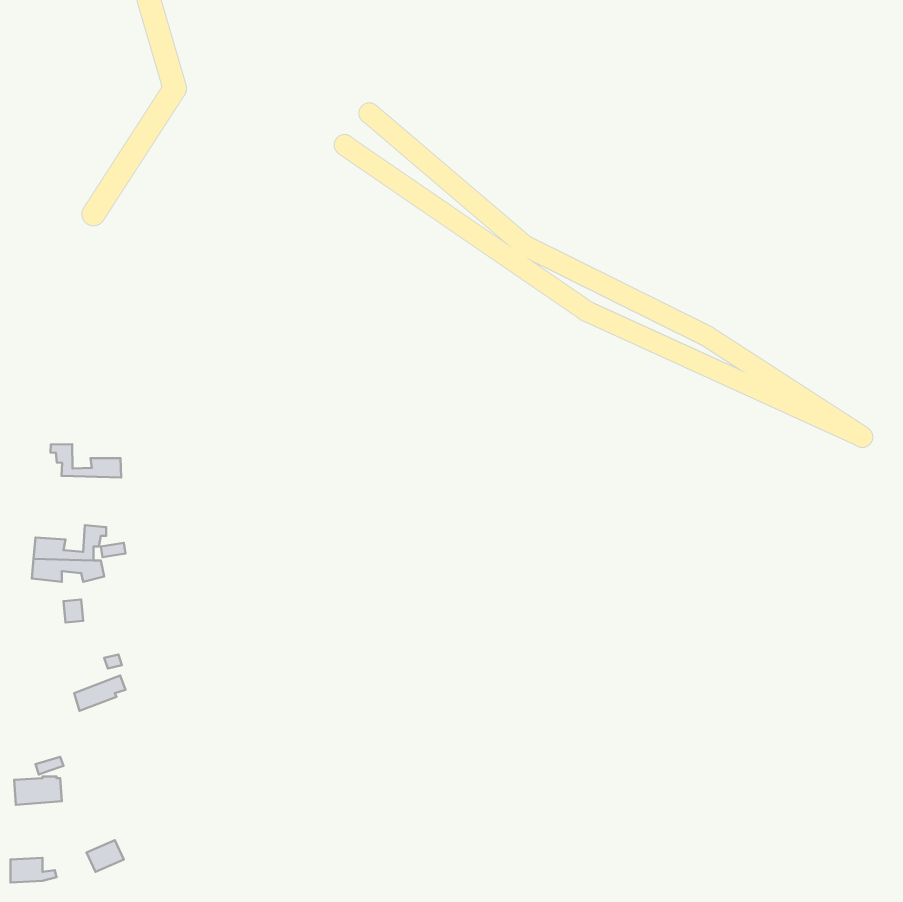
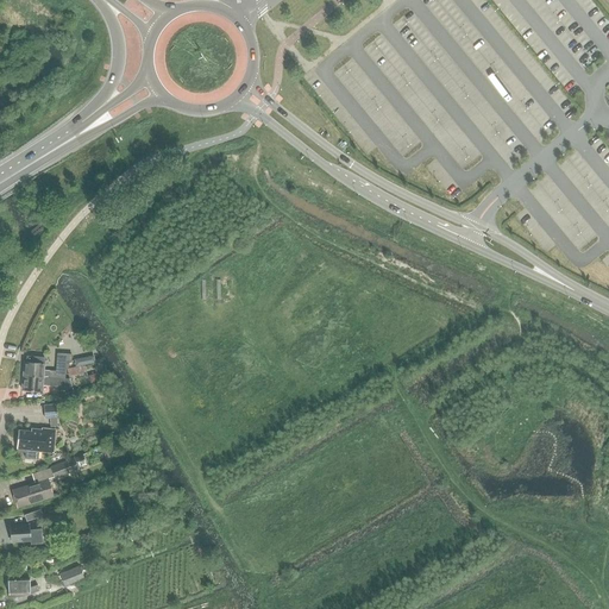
building: [50,444,121,478] -> none
building: none -> [15,428,55,458]
building: none -> [11,479,51,508]

